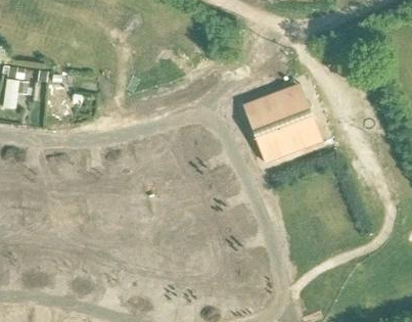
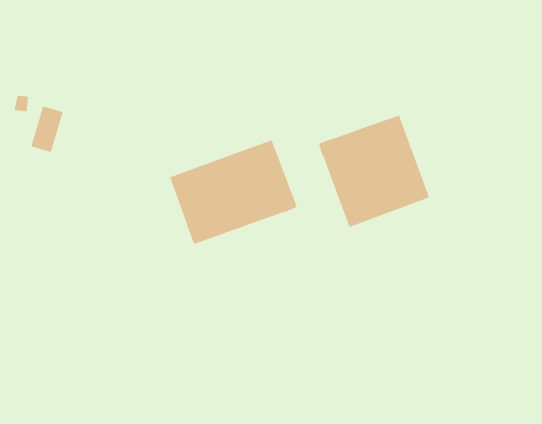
building: none -> [170,140,298,245]

